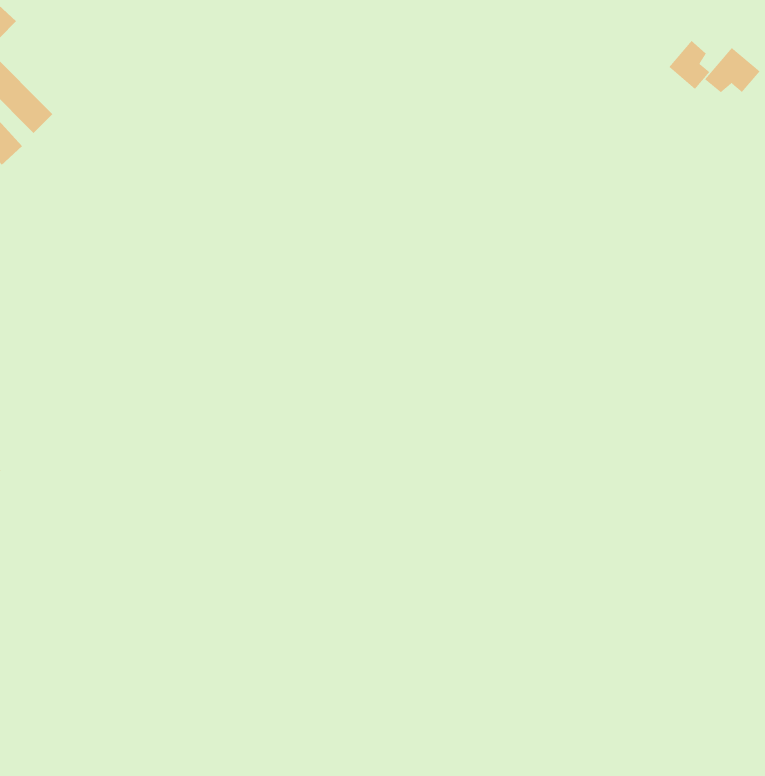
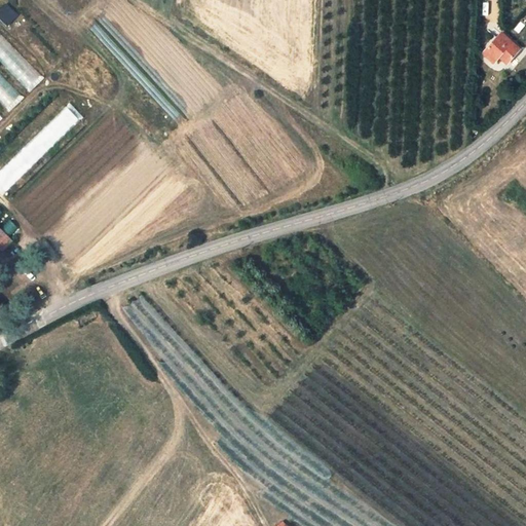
building: [669,40,710,90] -> none

